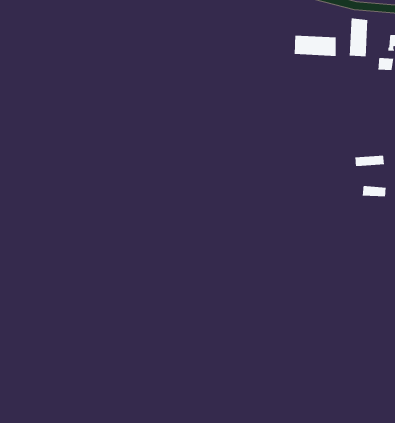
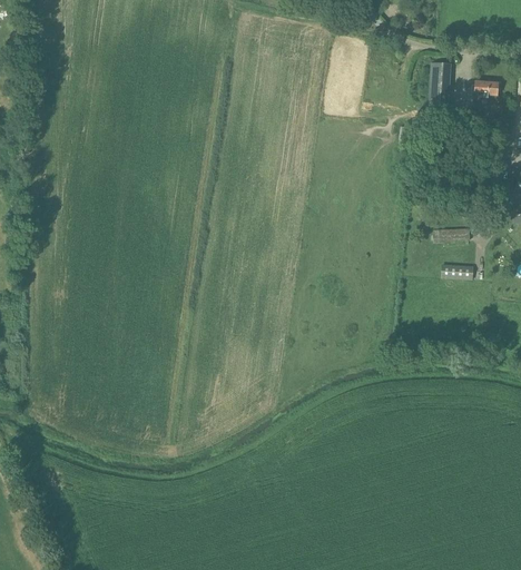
building: [294,35,336,57] -> none

